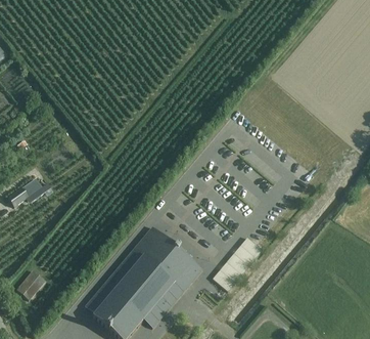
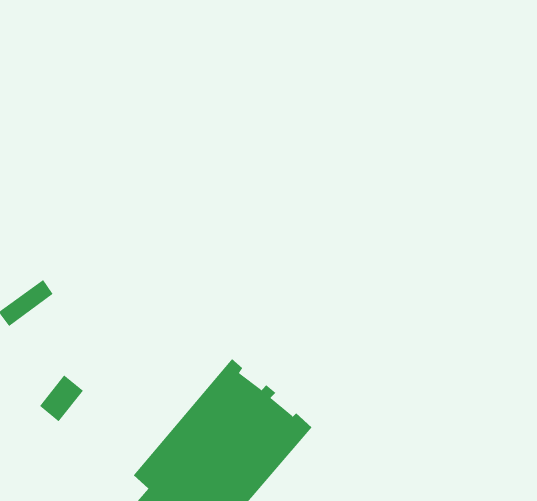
building: [18,269,46,299] -> [39,374,84,422]

